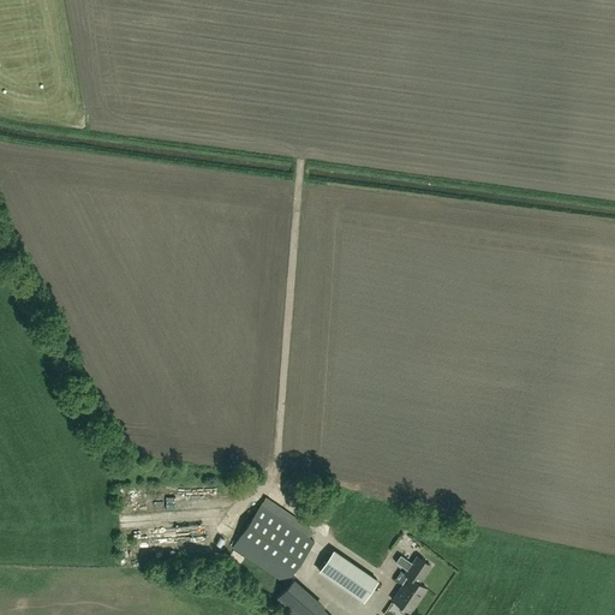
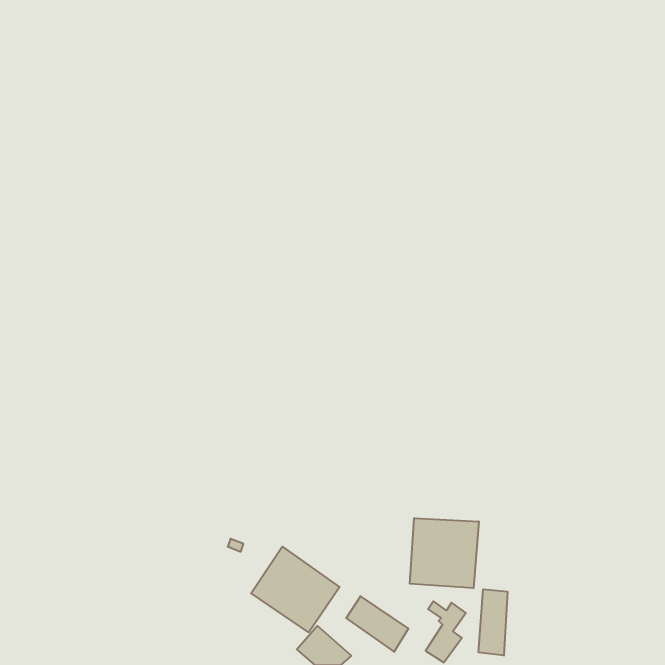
building: none -> [410,518,479,588]
building: none -> [479,589,507,656]

